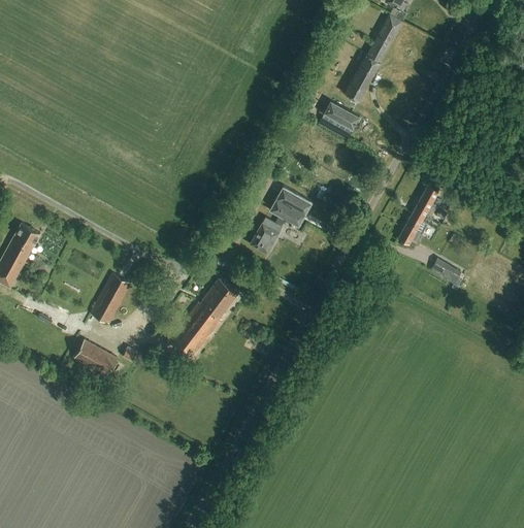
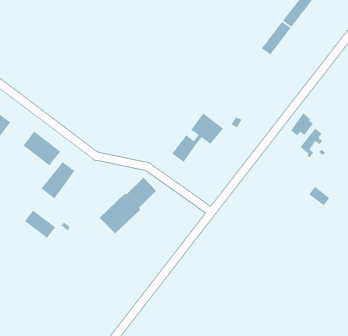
building: [319,101,360,140] -> none
building: [398,213,427,245] -> [290,112,314,137]
building: none -> [23,131,61,166]

